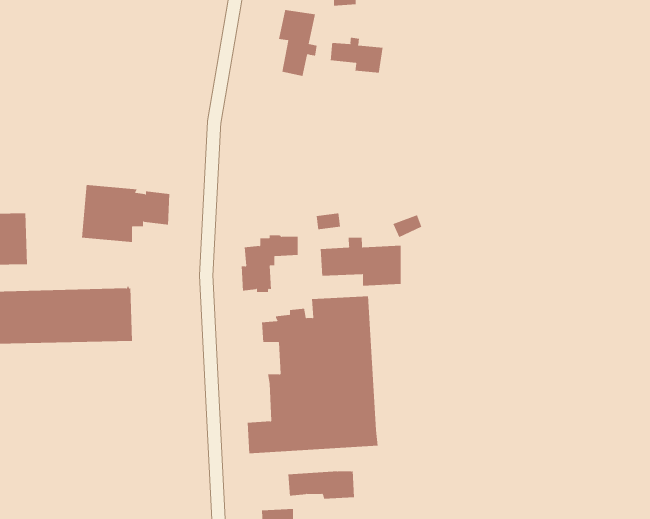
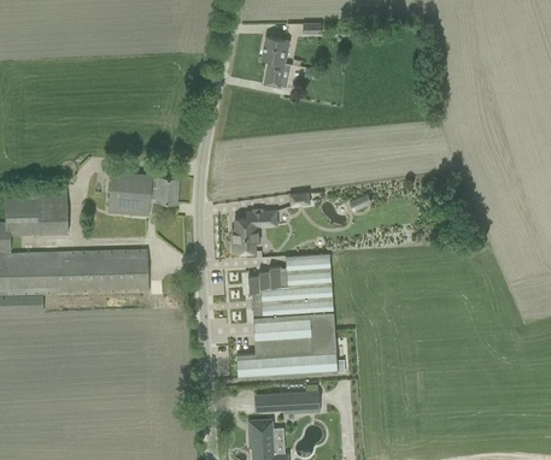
building: [330,37,383,73] -> none
building: [320,237,401,287] -> none

